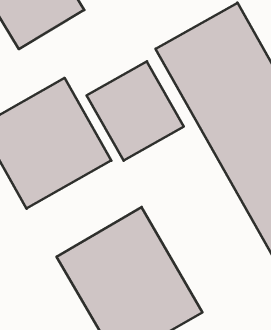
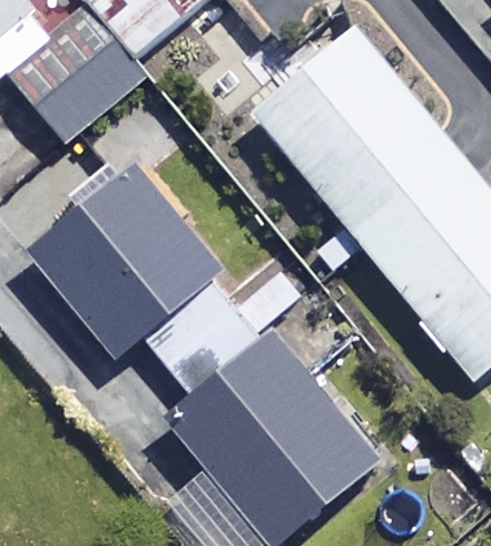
building: [87,61,184,161] -> none

